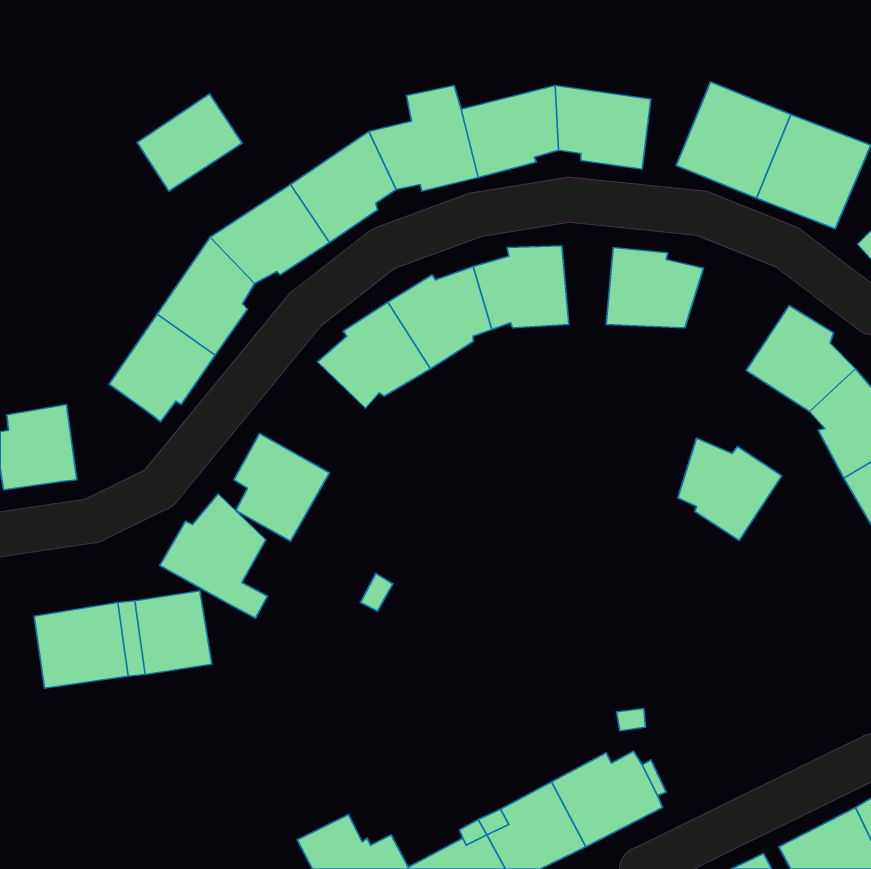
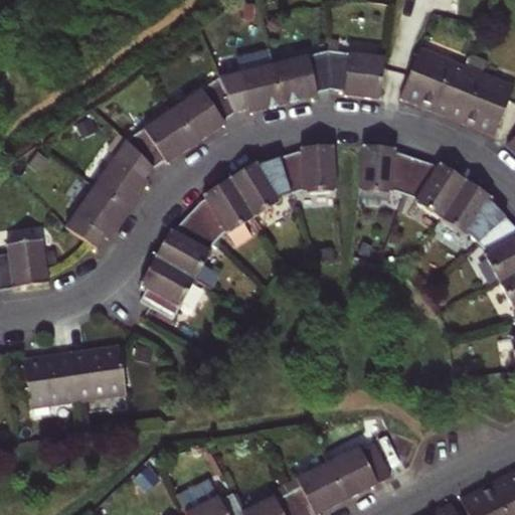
building: [137,94,242,191] -> none
building: [678,438,782,541] -> [404,158,466,218]
building: [160,494,268,618] -> [154,213,217,287]

